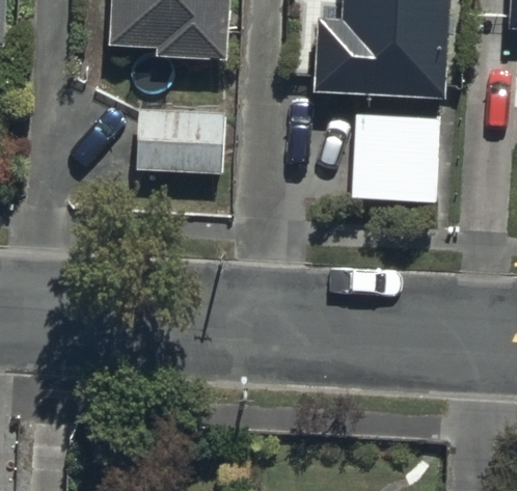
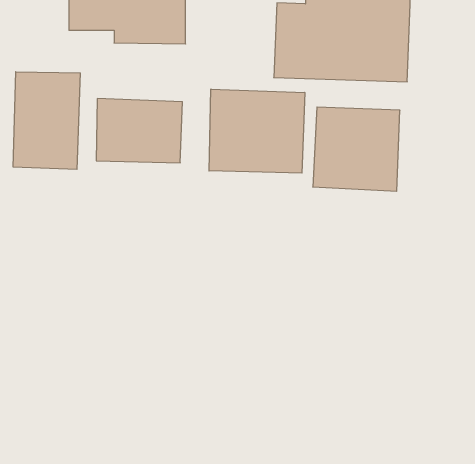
building: none -> [13,72,80,169]
building: none -> [209,89,305,173]

